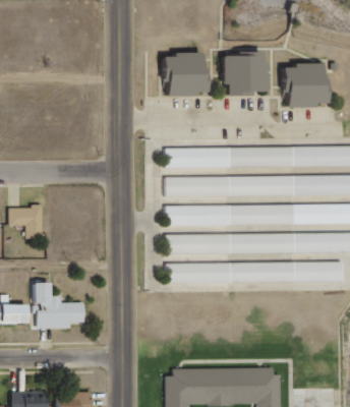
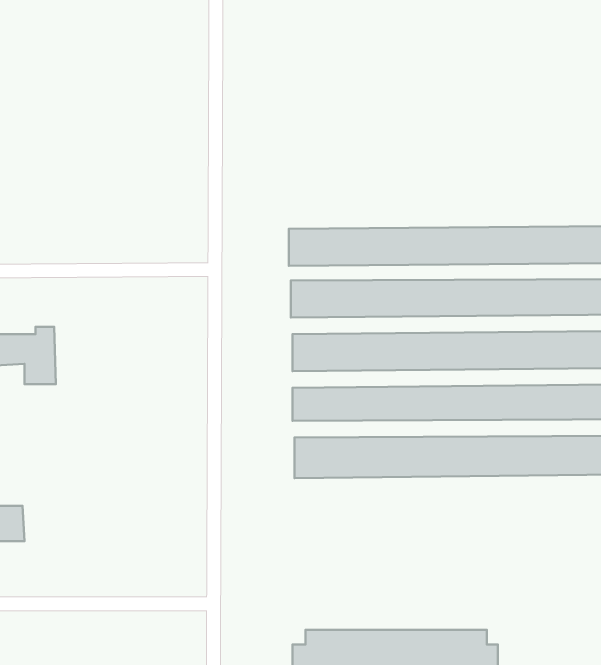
building: [224,52,270,96] -> none
building: [165,53,208,96] -> none
building: [284,64,328,105] -> none
building: [27,279,82,322] -> none

